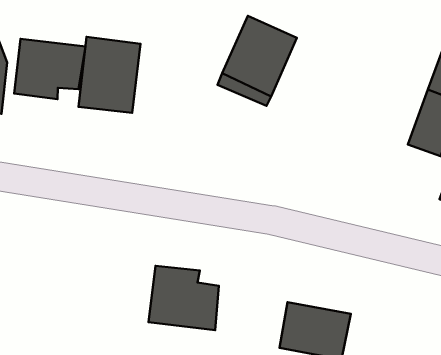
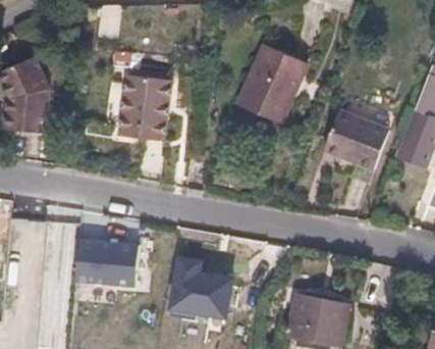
building: [14,39,85,99] -> none
building: none -> [323,103,390,164]
building: none -> [79,239,142,284]

